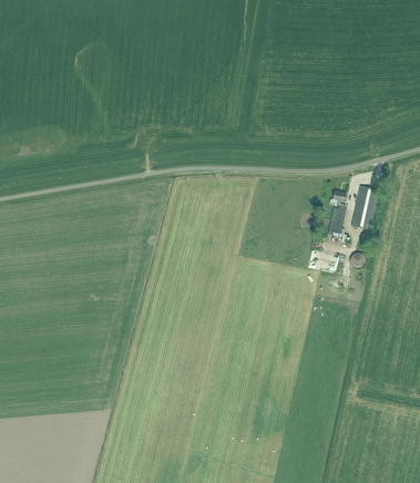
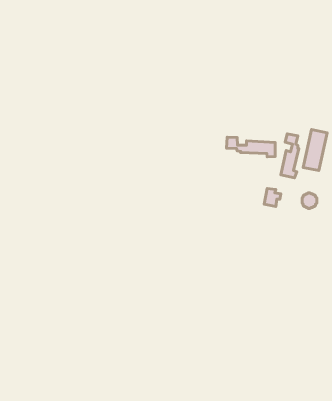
building: none -> [227,137,275,157]

